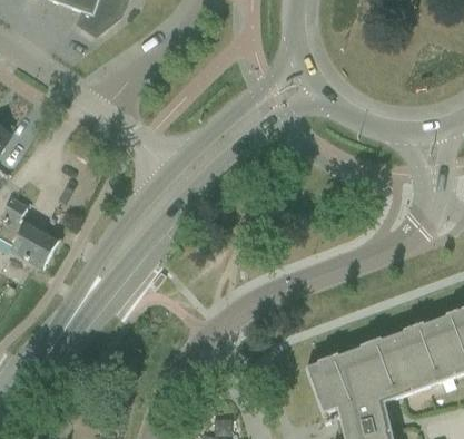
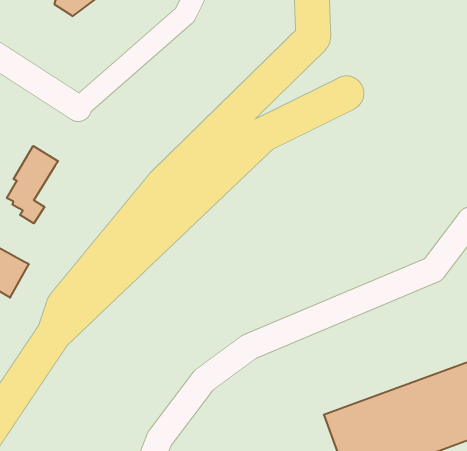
building: none -> [7,146,58,223]

